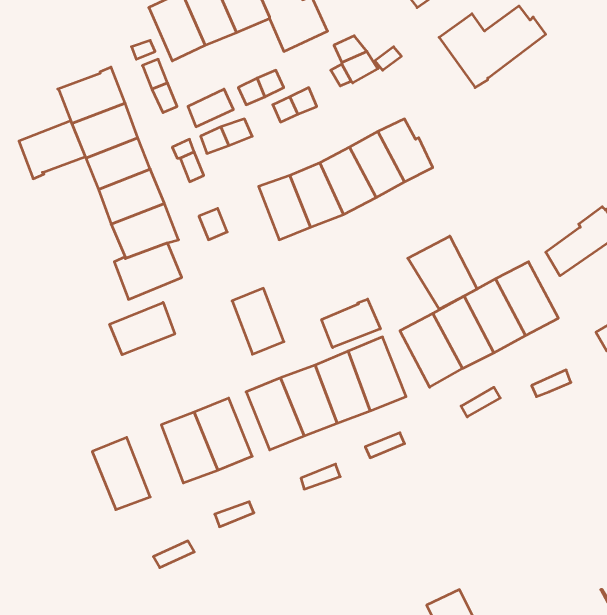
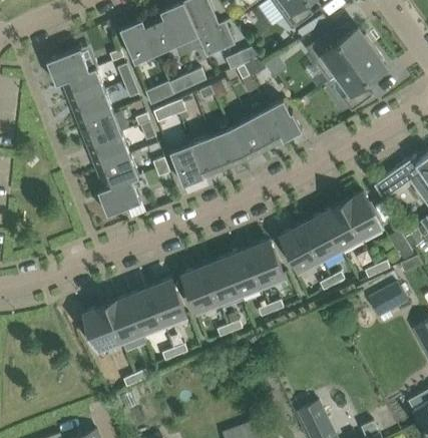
building: none -> [337,46,387,111]
building: [19,121,85,179] -> [47,48,89,85]
building: [408,236,477,309] -> none
building: [232,288,284,354] -> [170,143,203,185]
building: [322,299,380,348] -> none
building: [110,302,175,355] -> none
building: none -> [368,281,407,315]
building: none -> [106,296,142,342]

